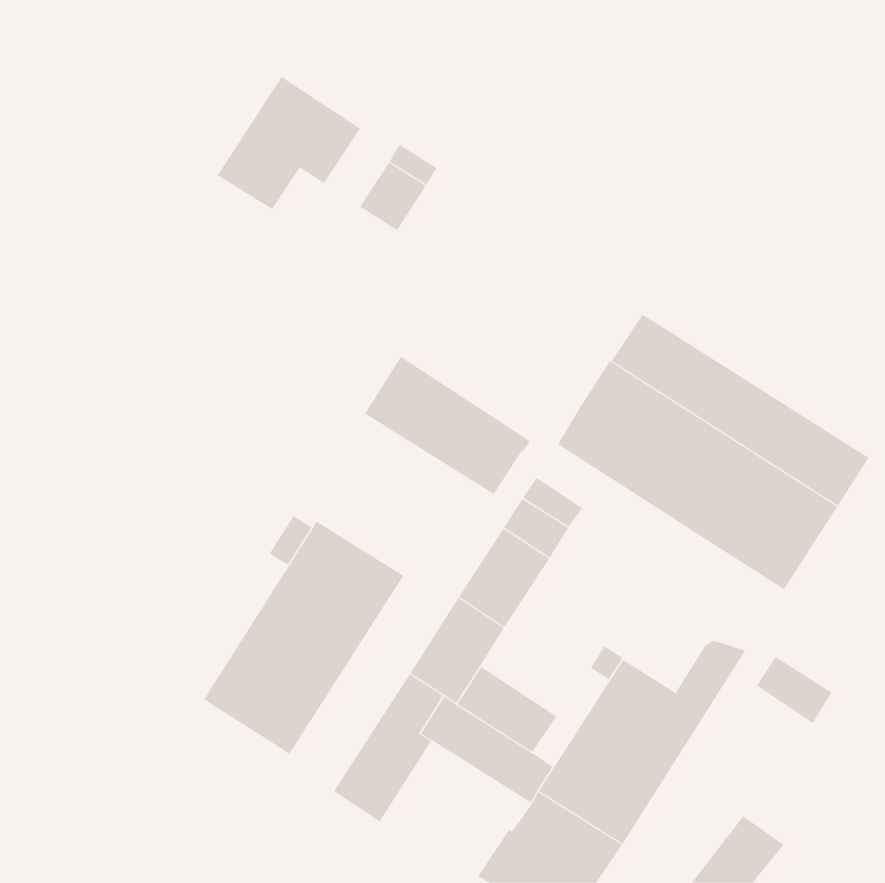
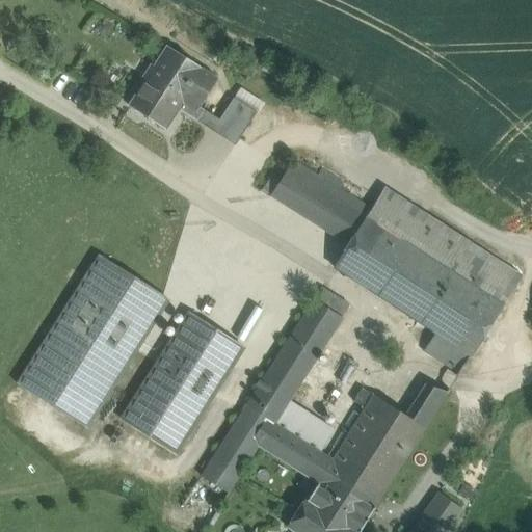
building: [364,356,531,495] -> [271,159,371,242]
building: none -> [18,255,168,426]
building: [756,656,832,724] -> [425,331,471,372]

